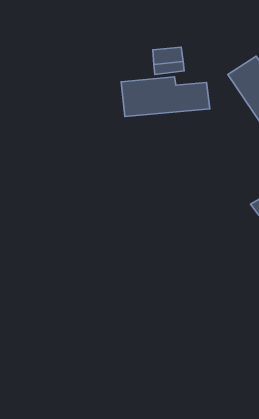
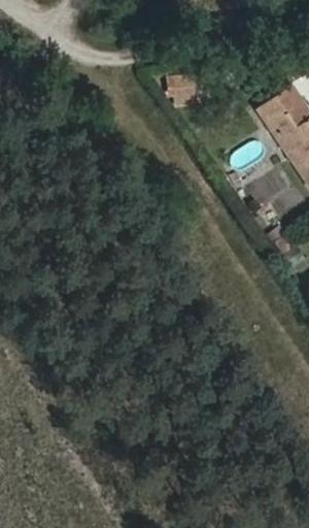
building: [121,77,210,117] -> none

